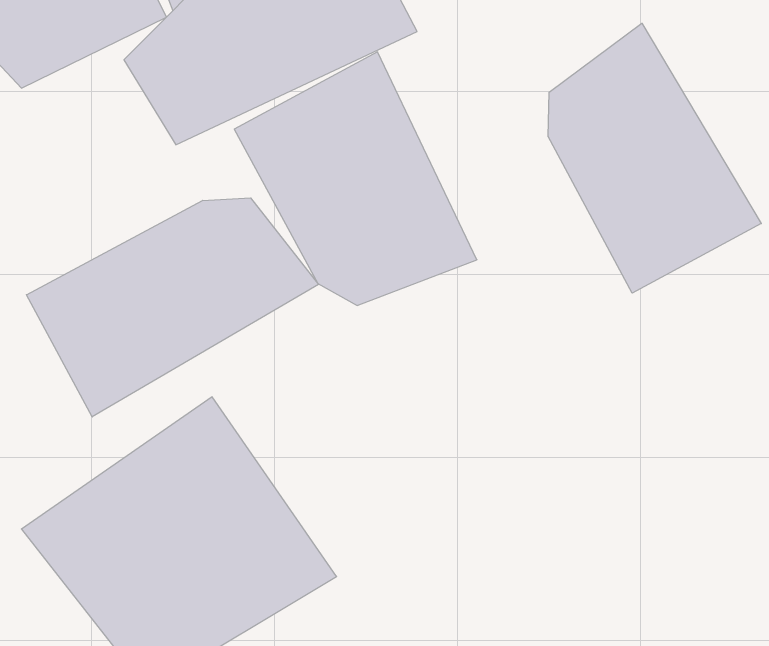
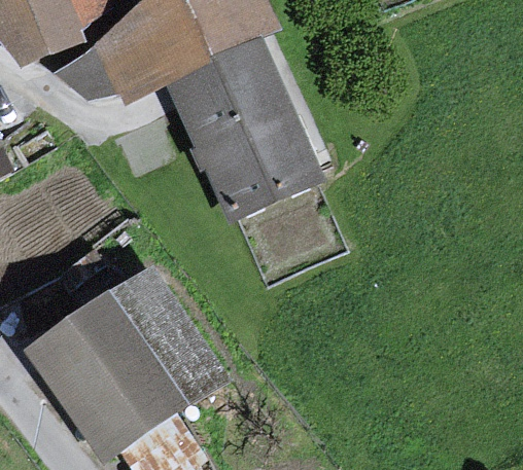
building: [548,23,761,293] -> none
building: [26,198,318,417] -> none

